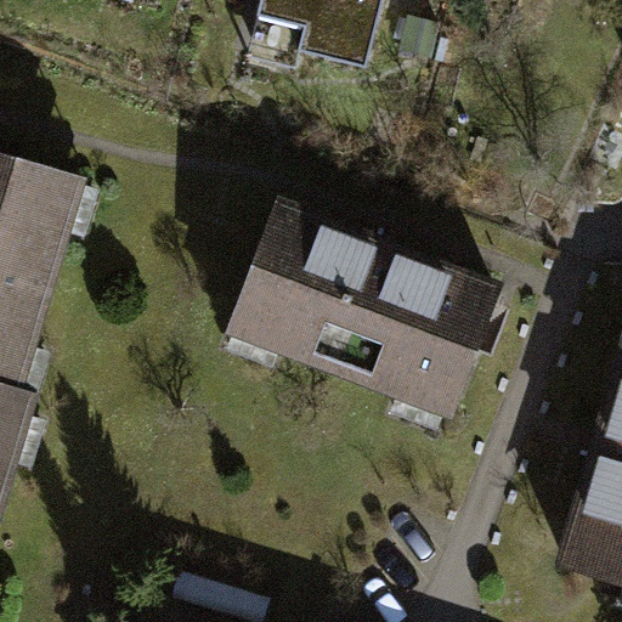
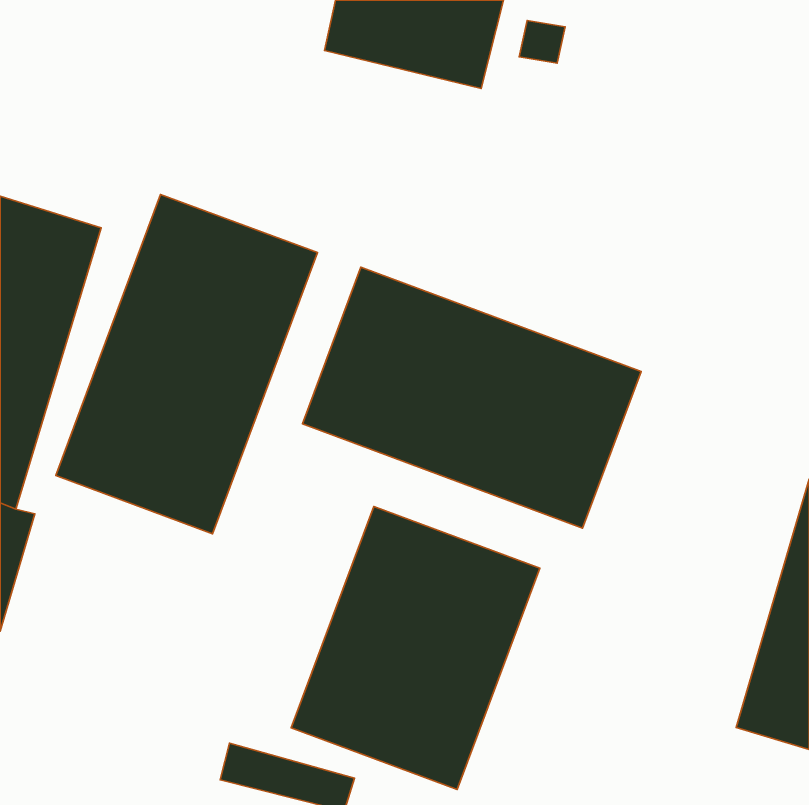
building: none -> [56,194,317,534]
building: none -> [291,506,540,789]

